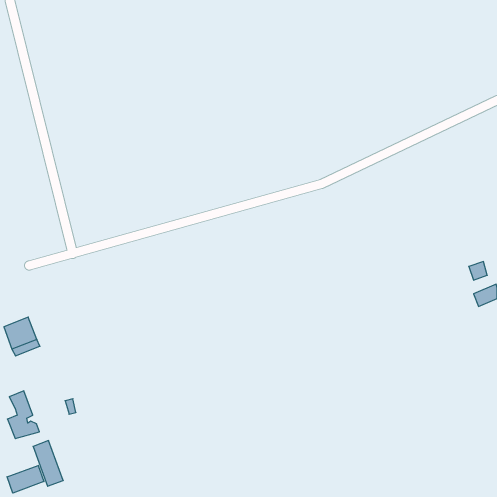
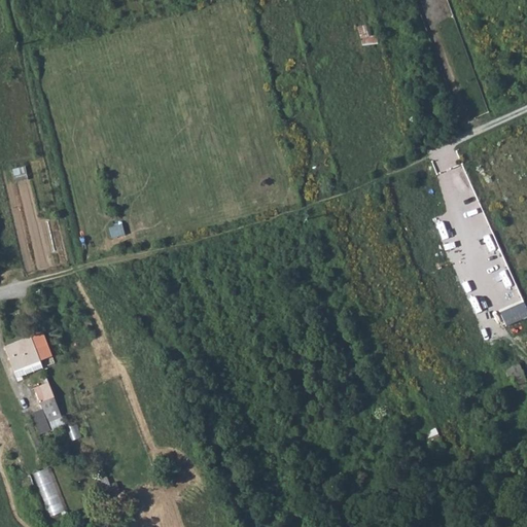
building: [7,391,39,439] -> [32,383,66,433]
building: [7,465,44,493] -> none

